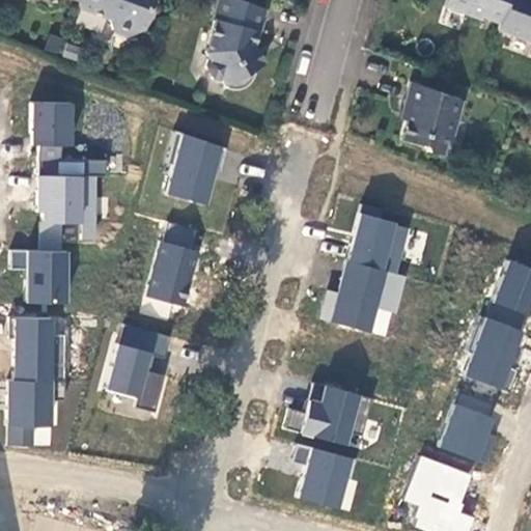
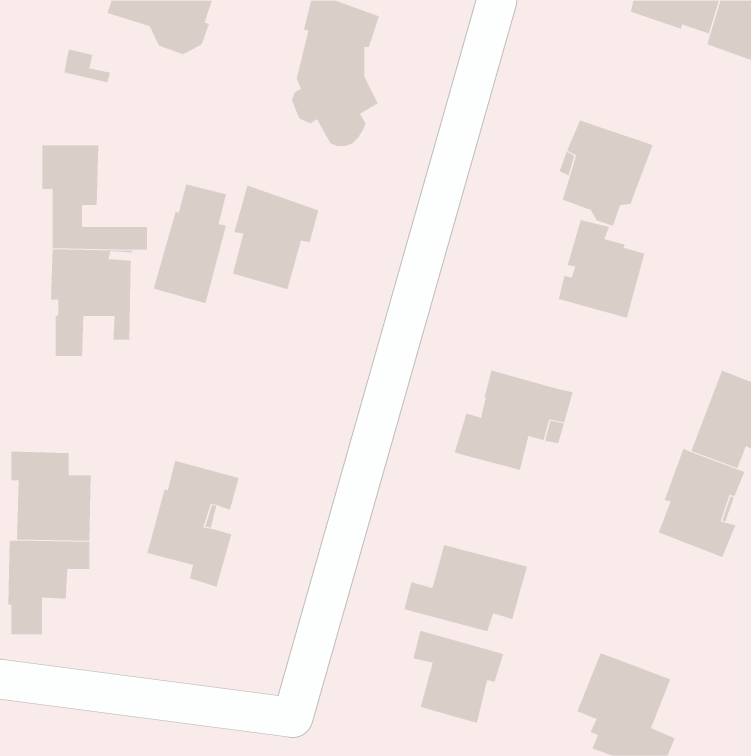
building: [347,203,409,273] -> [558,219,645,319]
building: [146,221,198,305] -> [153,184,227,304]
building: [11,249,67,302] -> none
building: [439,388,497,464] -> none

